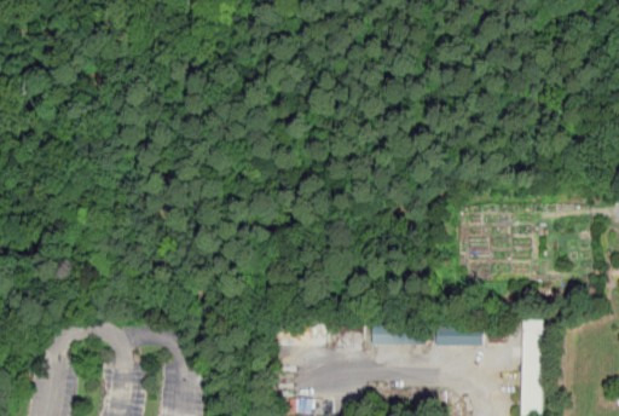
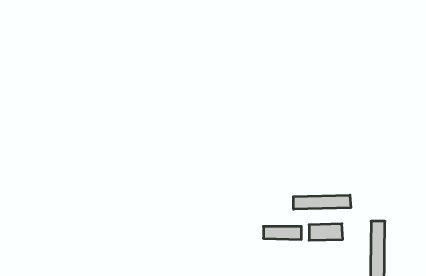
building: none -> [293,195,351,209]

